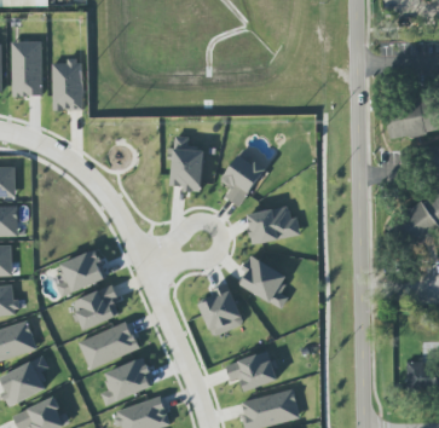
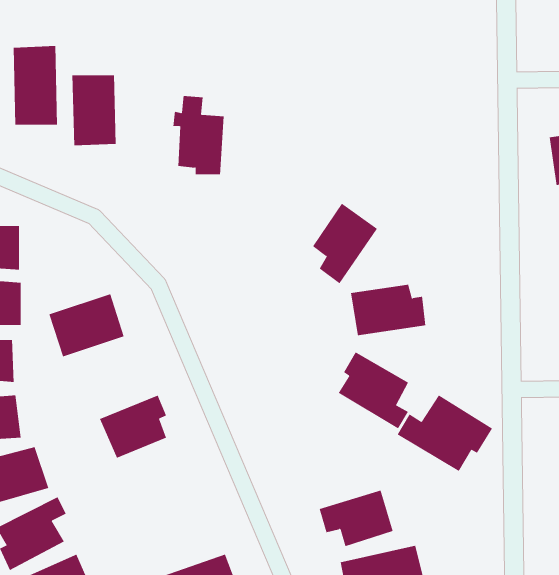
building: [167,135,203,191] -> [172,95,224,175]
building: [52,250,105,295] -> [49,293,125,357]
building: [200,283,243,336] -> none
building: none -> [397,395,493,472]
building: [77,320,139,369] -> none
building: [100,355,150,405] -> none

